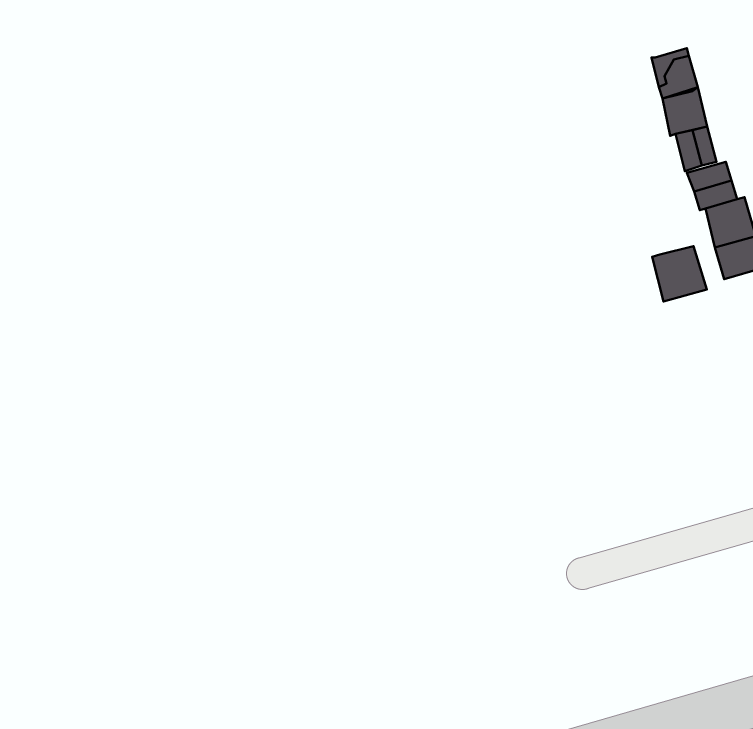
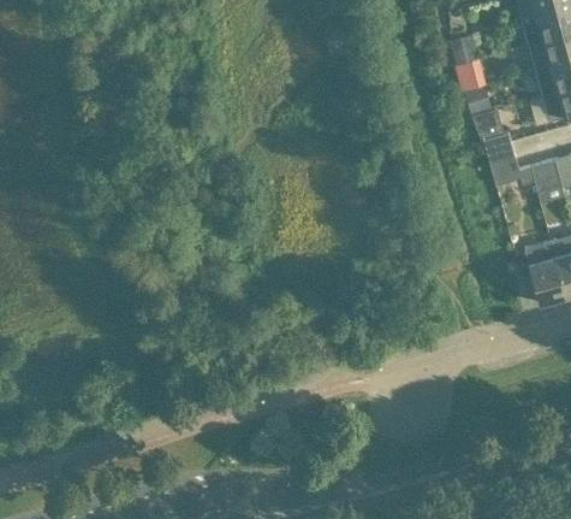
building: [652,246,707,301] -> none

